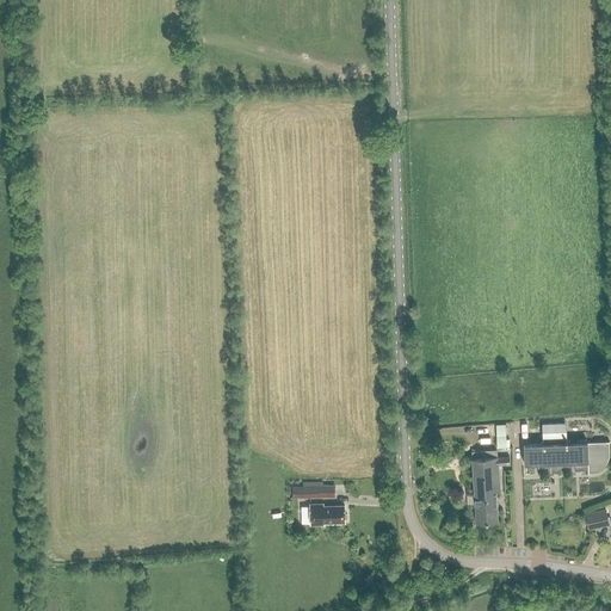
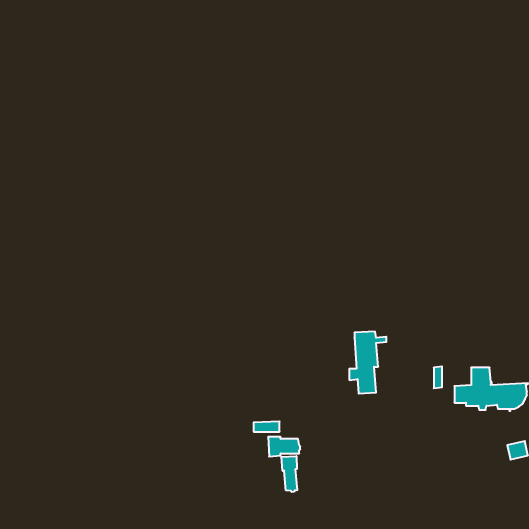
building: [467,451,510,523] -> [349,332,386,394]
building: none -> [281,456,297,492]

